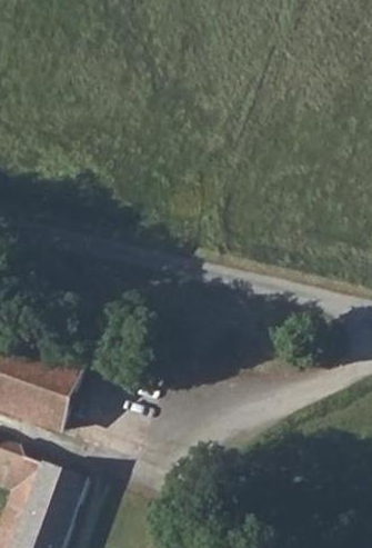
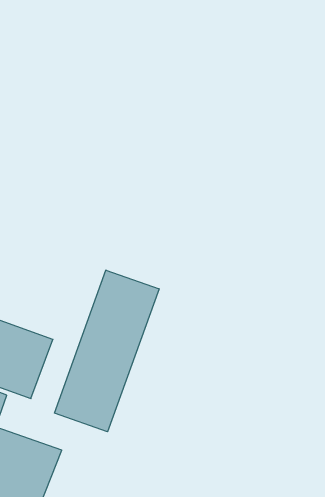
building: none -> [54,270,159,432]

